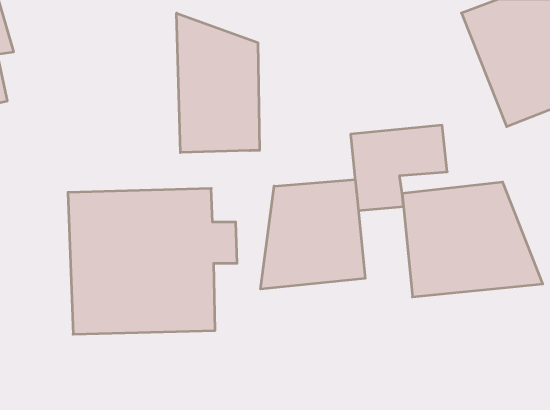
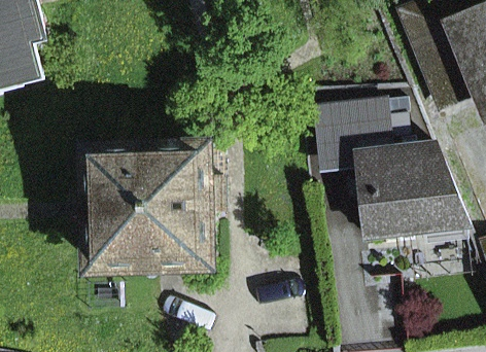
building: [177,13,260,153] -> none
building: [261,180,365,289] -> none

